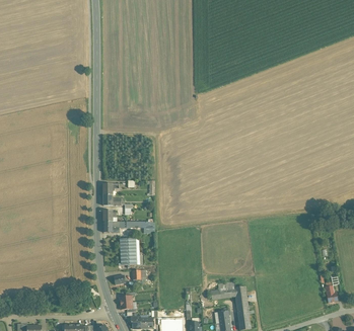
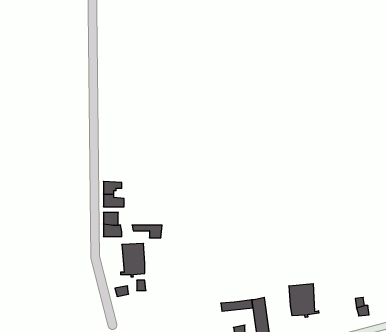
building: none -> [289,284,319,317]

